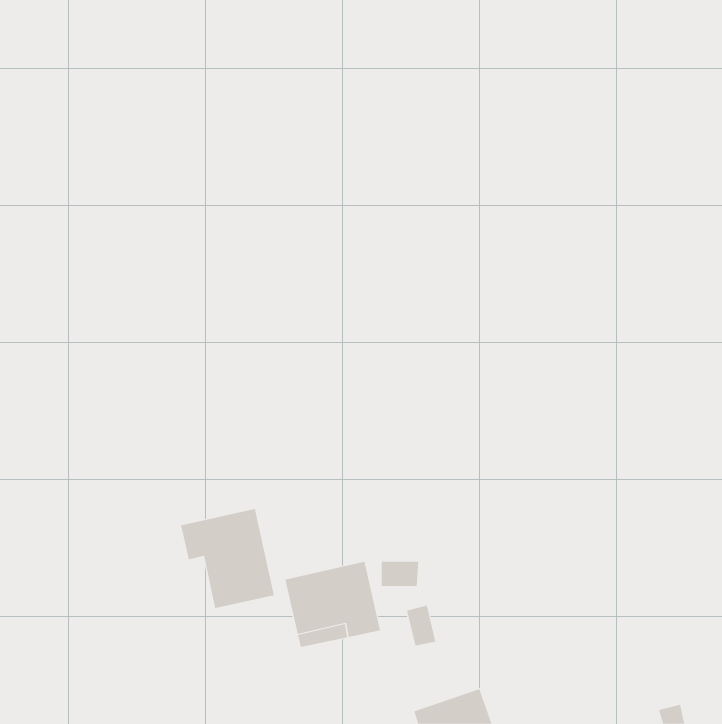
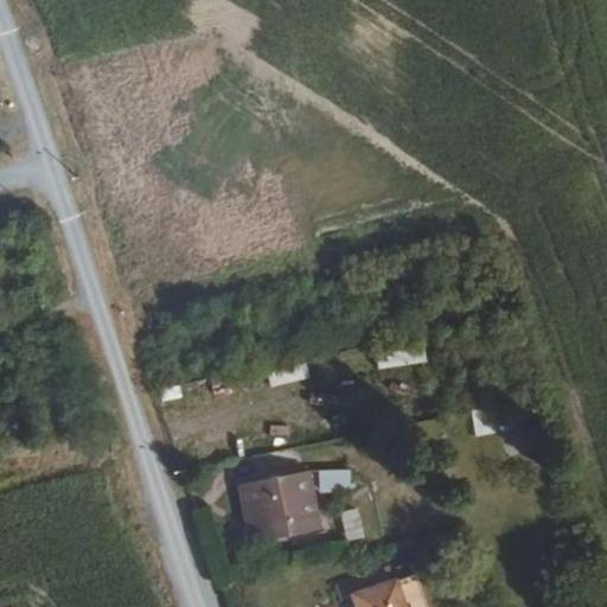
building: [180,508,275,609] -> none

